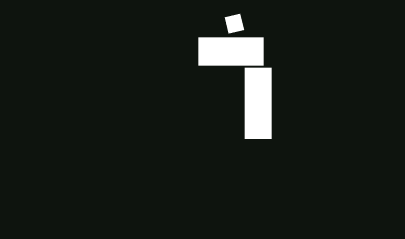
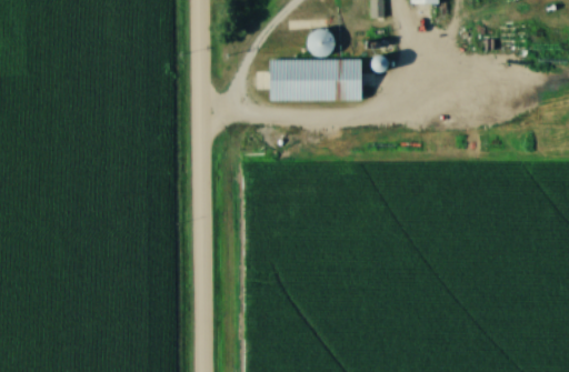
building: [244,67,272,140] -> none

